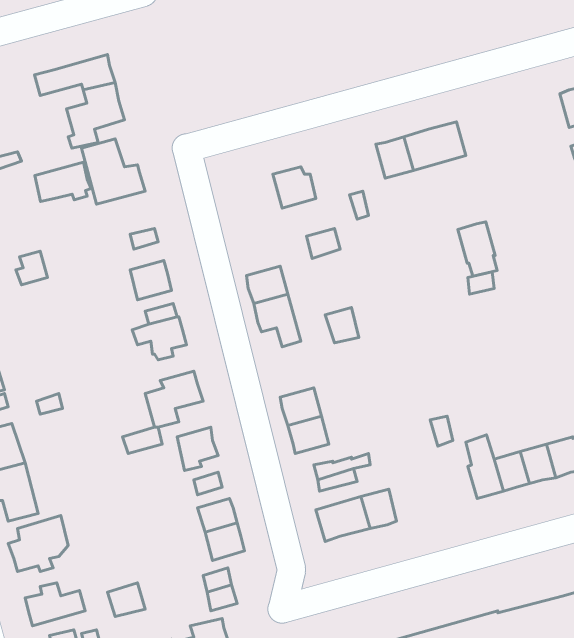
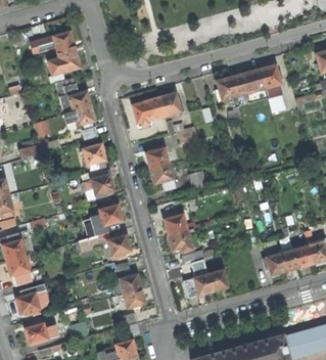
building: [35,162,91,202] -> [63,106,94,128]
building: none -> [132,97,165,125]
building: [458,222,497,276] -> [260,64,281,94]

